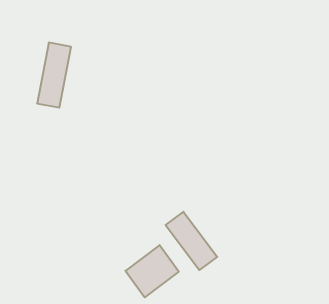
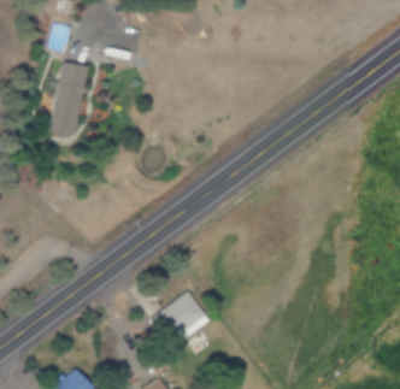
building: [166,212,217,270] -> none

